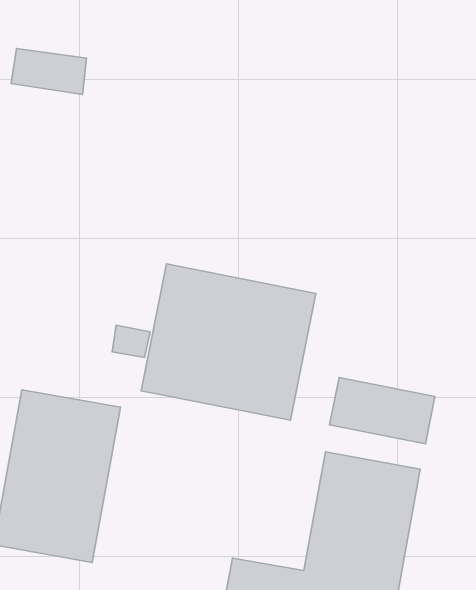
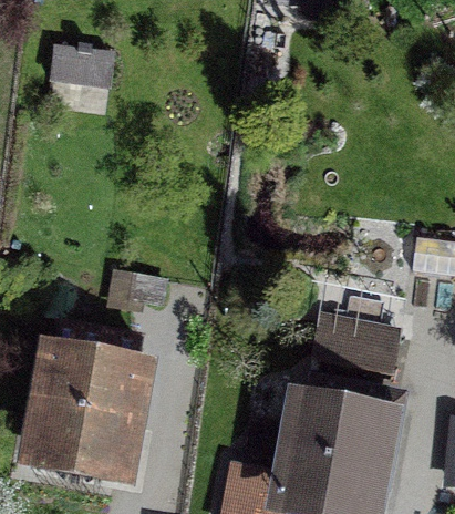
building: [141,264,316,420] -> none

